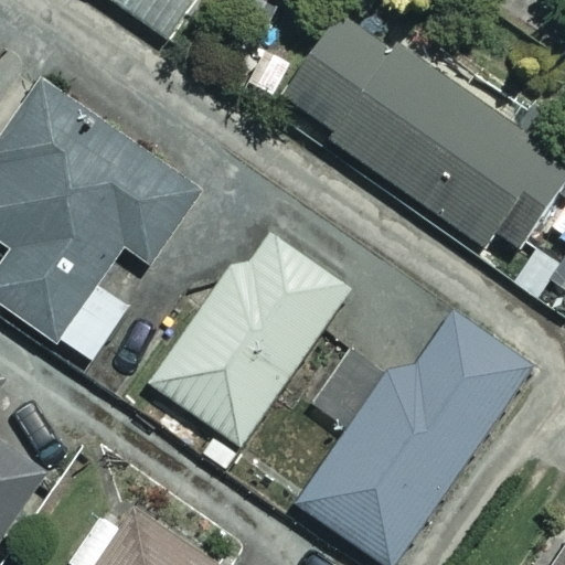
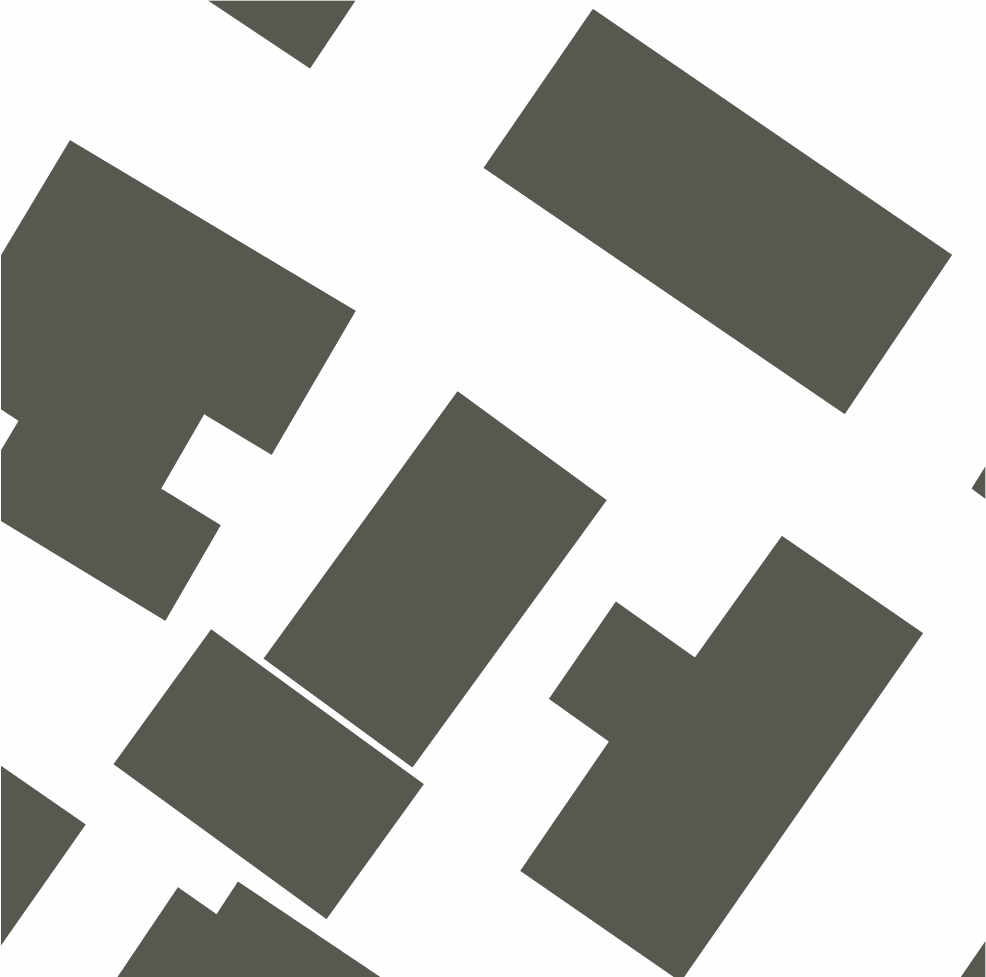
building: none -> [112,628,425,920]

